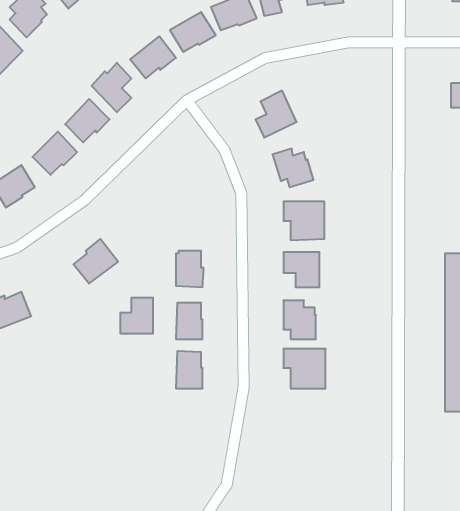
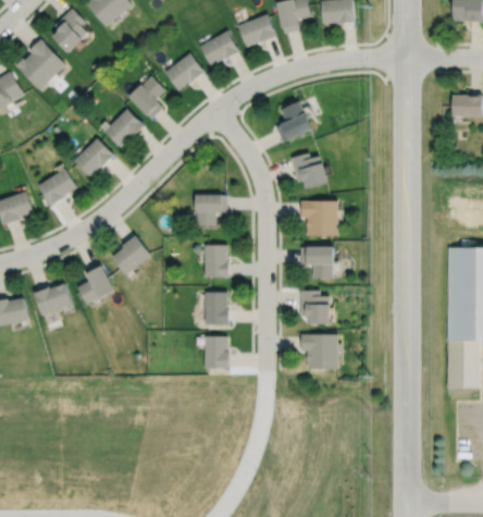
building: none -> [194,195,226,226]
building: none -> [77,262,114,305]
building: [121,298,153,334] -> none

